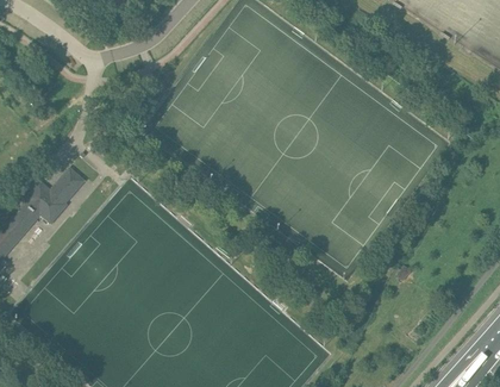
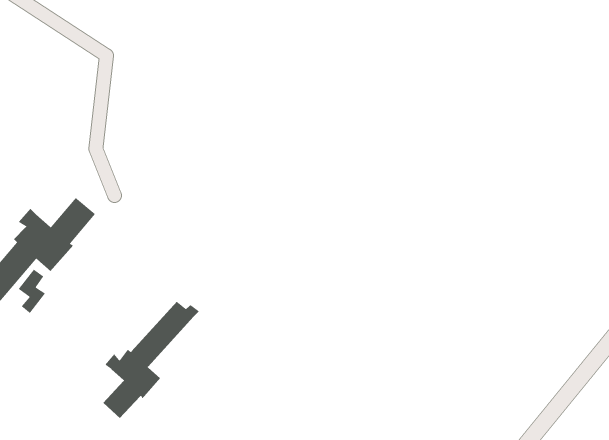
building: none -> [103,301,200,419]

